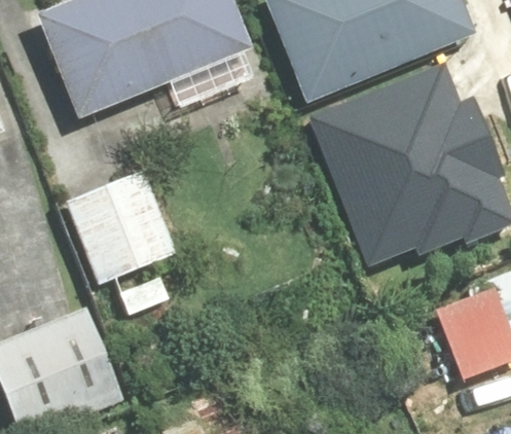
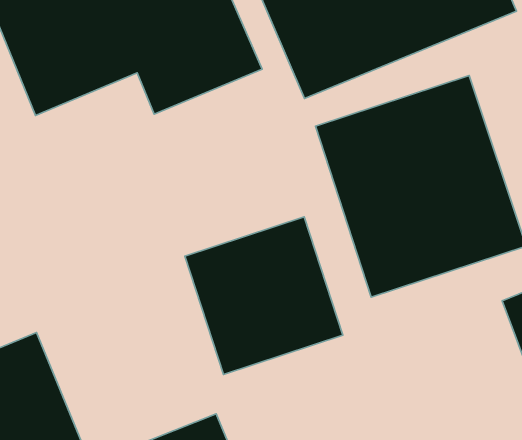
building: [69,170,172,282] -> none
building: none -> [185,217,343,374]

